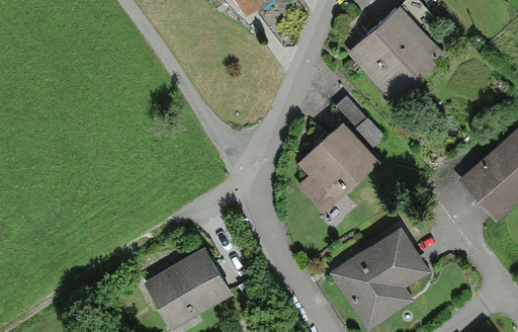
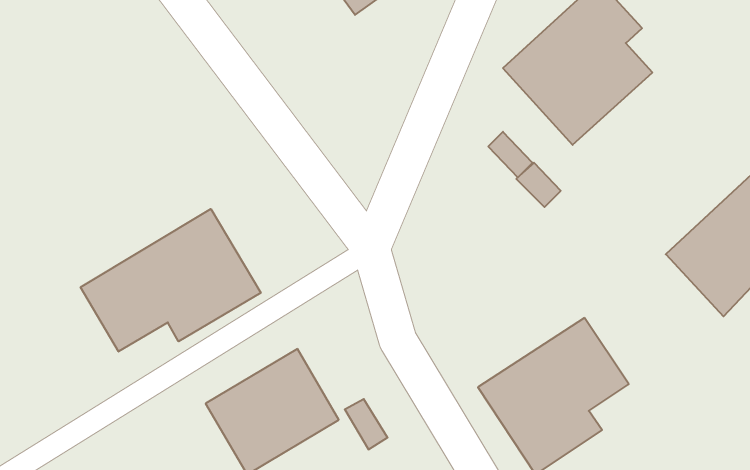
building: [296,120,381,216] -> none
building: none -> [81,209,261,352]

